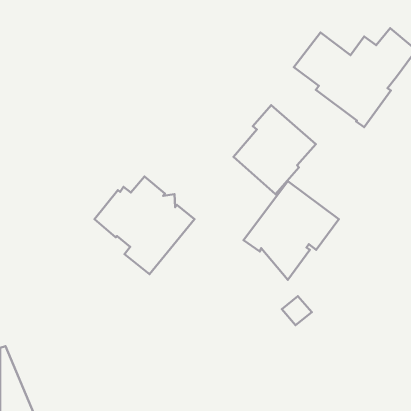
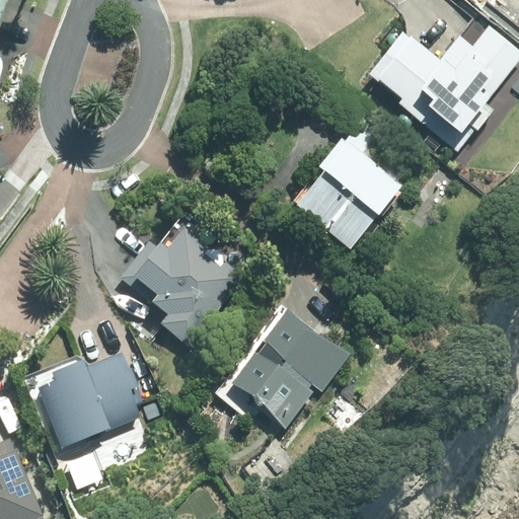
building: [244,181,339,280] -> [230,304,350,428]
building: none -> [35,353,141,446]

